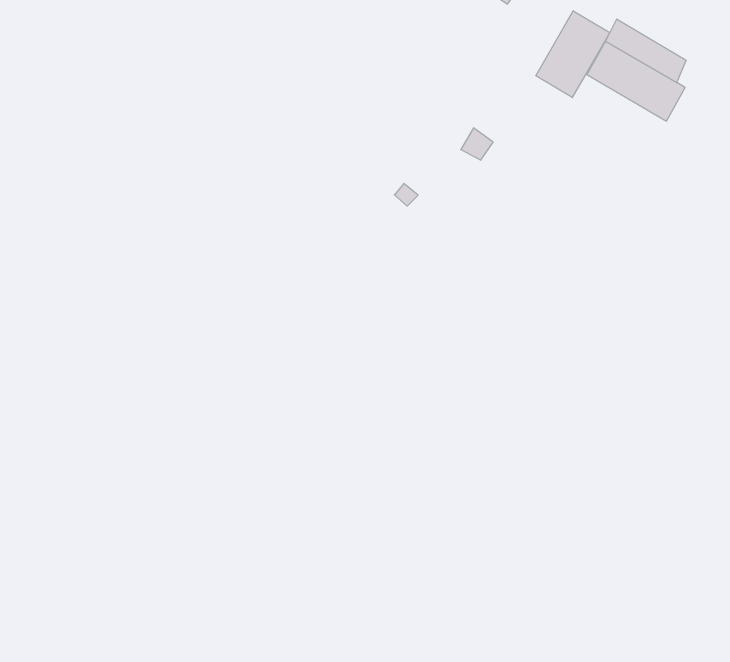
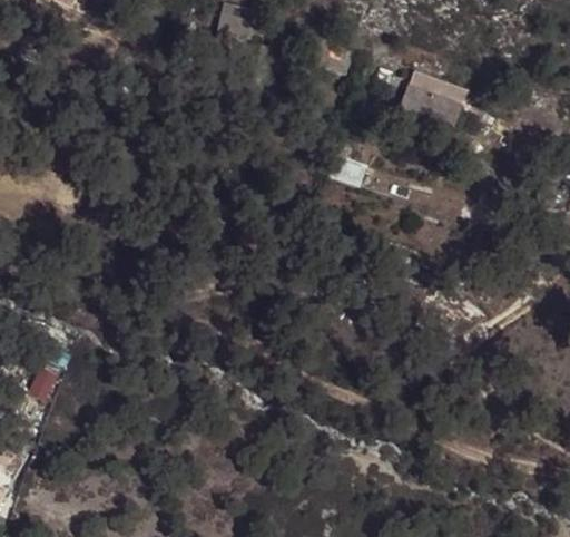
building: [536,11,610,98] -> none

